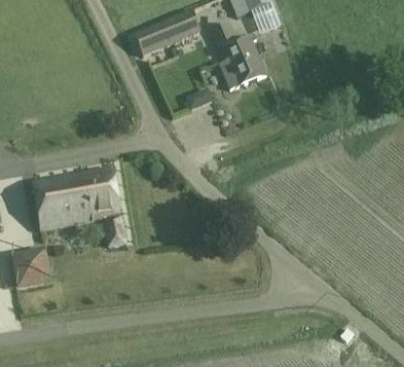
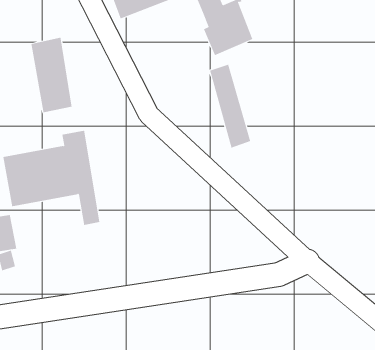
building: none -> [31,37,72,113]
building: none -> [209,64,251,148]

